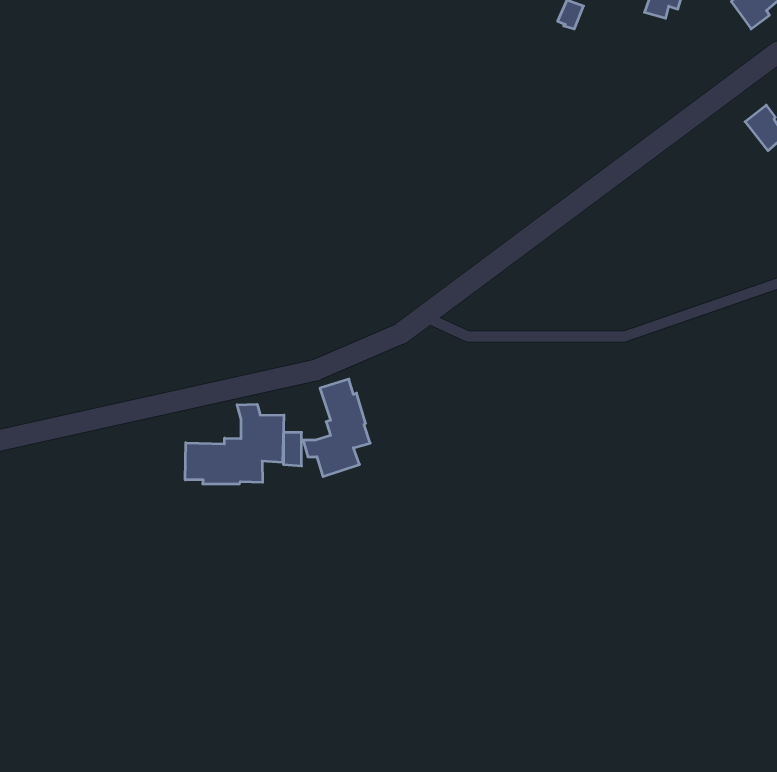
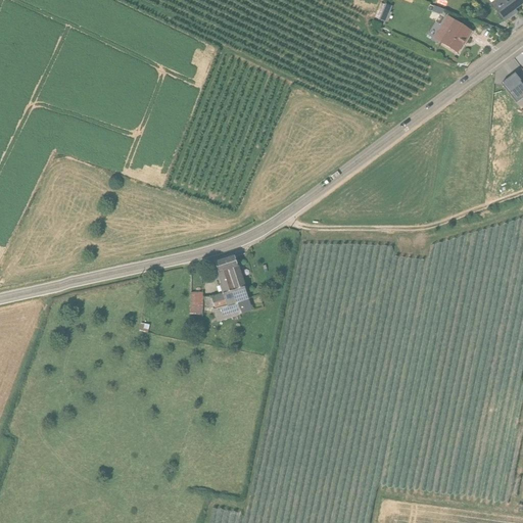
building: none -> [434,14,472,51]
building: [185,404,284,484] -> none

